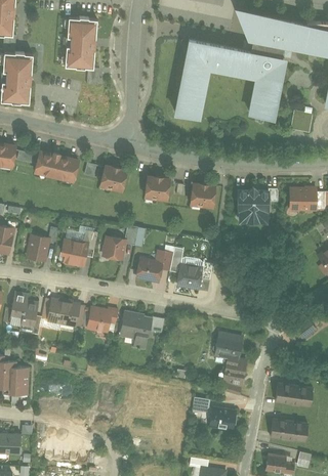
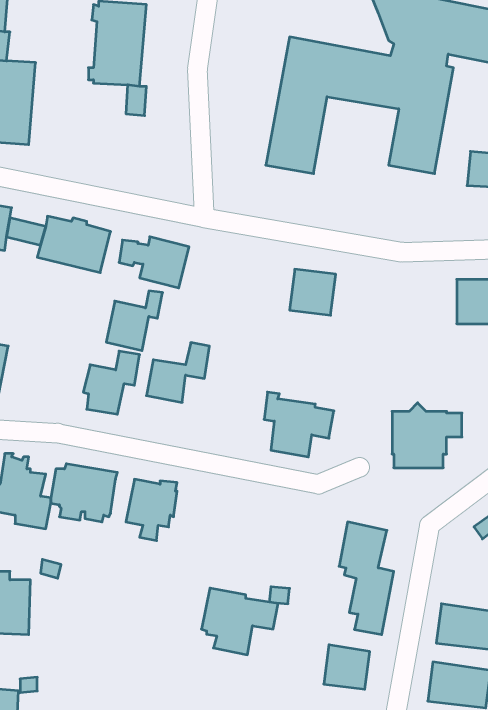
building: [139,172,167,200] -> none
building: [234,182,276,221] -> [392,403,462,468]
building: [25,226,58,262] -> [106,291,163,351]
building: [131,245,173,283] -> none
building: [115,309,161,349] -> [201,588,278,655]

